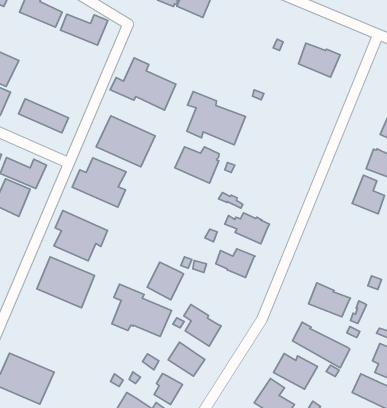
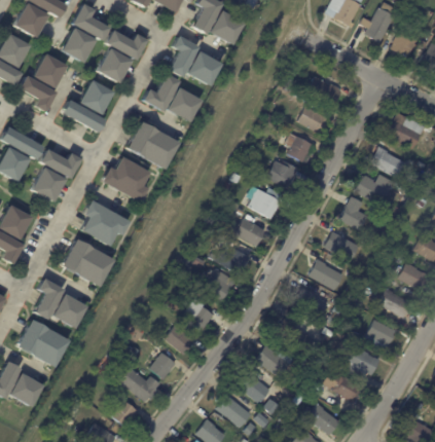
building: none -> [61,27,95,62]
building: none -> [96,47,131,82]
building: none -> [78,79,112,114]
building: none -> [301,106,331,133]
building: [187,91,245,145] -> [169,35,221,85]
building: none -> [288,133,317,162]
building: none -> [268,159,302,189]
building: [175,147,219,183] -> [246,185,286,219]
building: none -> [329,231,363,261]
building: none -> [313,259,348,290]
building: [147,262,184,300] -> [207,268,240,302]
building: [112,284,172,336] -> [33,278,86,327]

